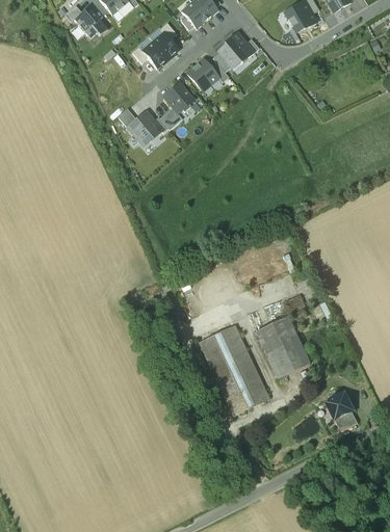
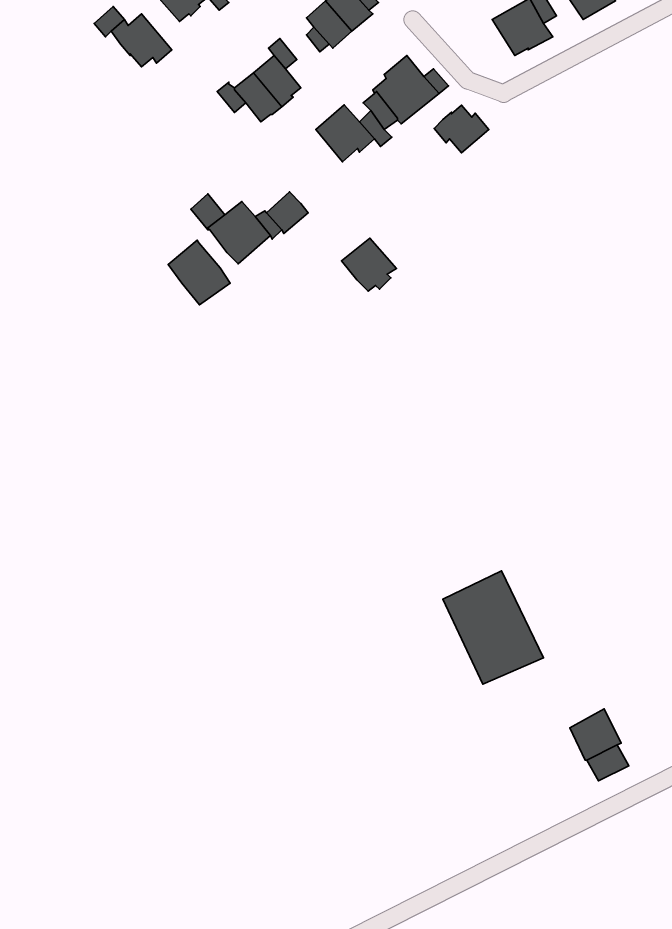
building: none -> [434,105,489,153]
building: [163,83,193,112] -> [342,238,397,291]
building: none -> [168,240,230,305]
building: [199,323,269,414] -> none

